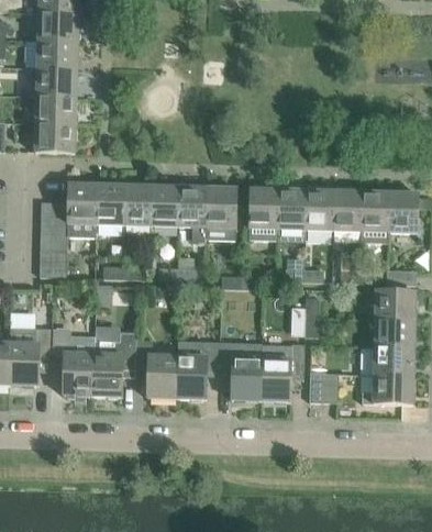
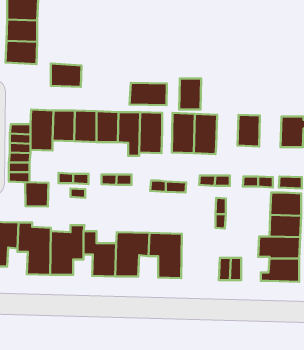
building: [35,122,75,152] -> [51,64,82,87]
building: none -> [130,83,167,105]
building: [306,189,334,229] -> [179,79,201,109]
building: [361,190,389,241] -> none
building: none -> [25,182,48,207]
building: [261,343,303,400] -> none

